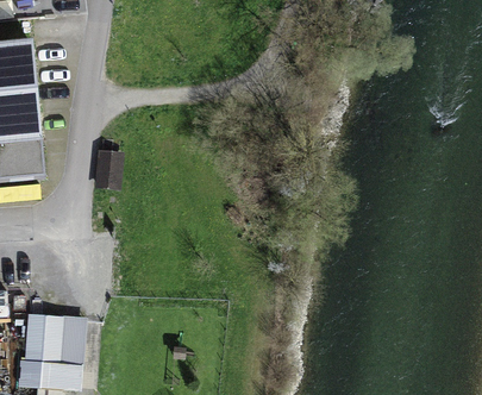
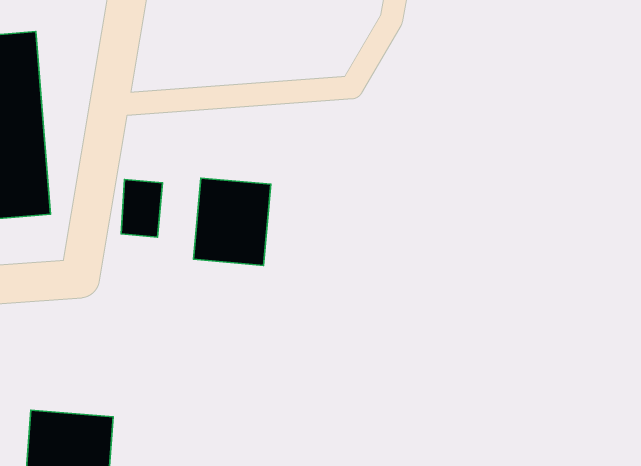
building: none -> [193,178,271,265]

